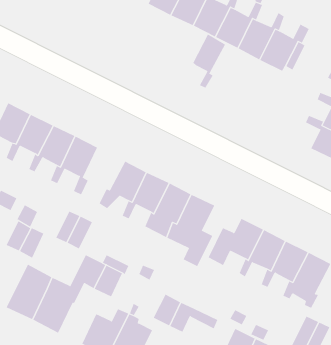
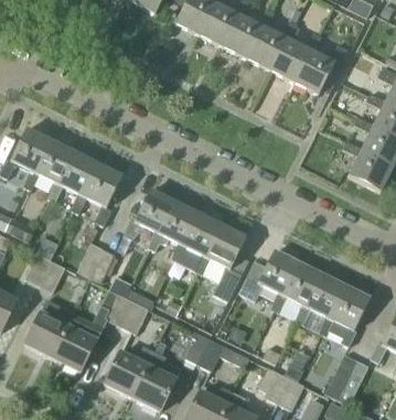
building: [193,33,226,88] -> none

